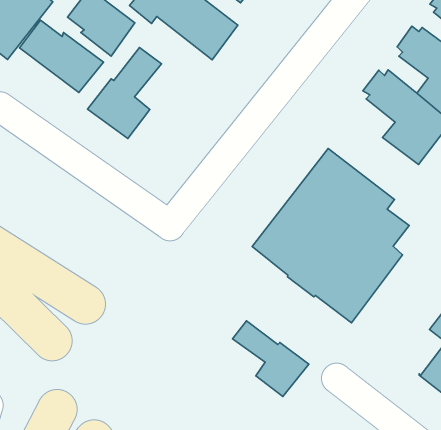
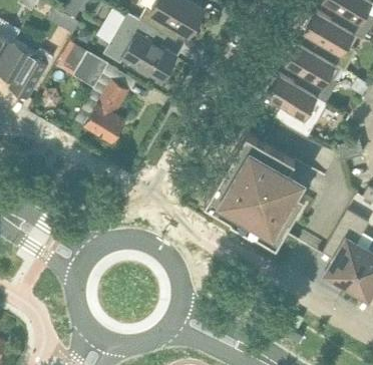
building: [19,20,104,93] -> none
building: [232,321,309,397] -> none

